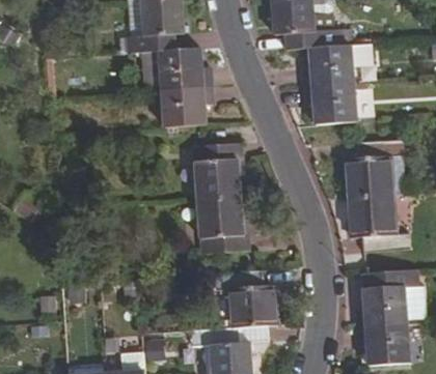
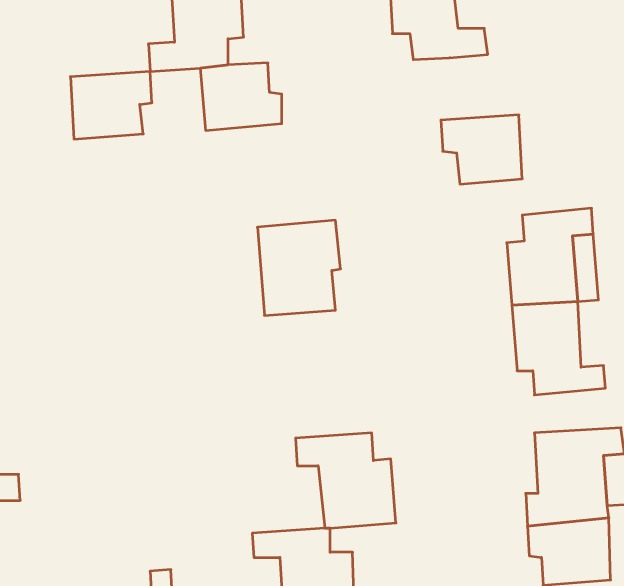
building: [303,42,370,85] -> none
building: [163,88,212,128] -> [70,72,152,139]
building: [198,199,249,254] -> none

